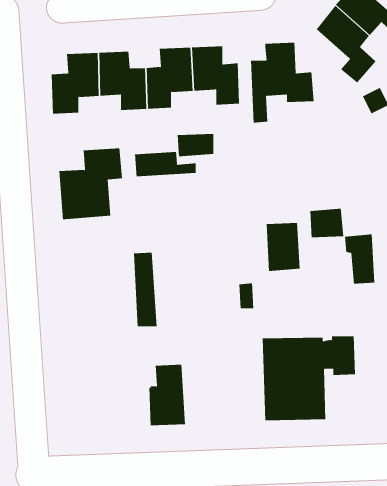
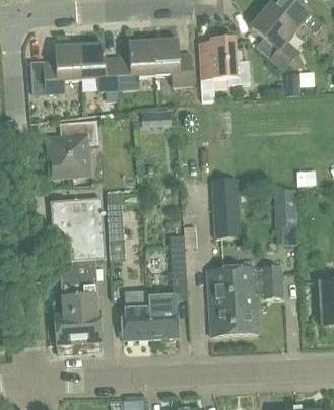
building: [134,151,196,177] -> none
building: [309,208,344,238] -> [213,214,241,237]
building: none -> [50,196,106,344]
building: none -> [145,234,188,337]

